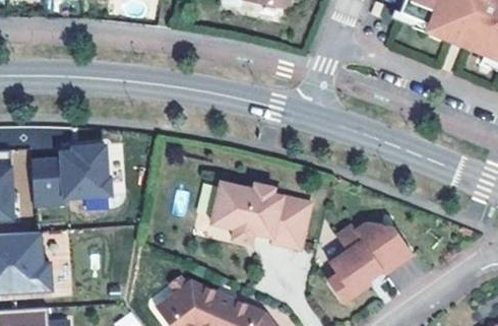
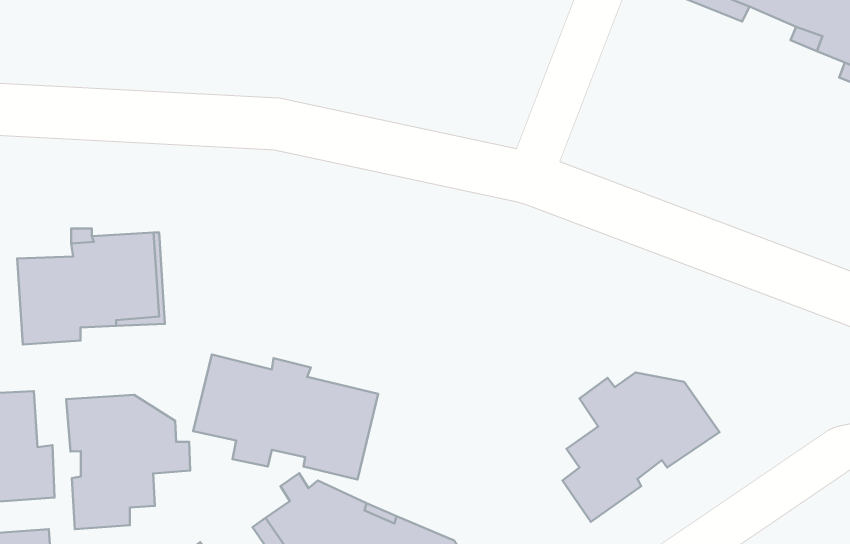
building: [212,182,313,250] -> [193,355,378,480]
building: none -> [66,395,190,529]

